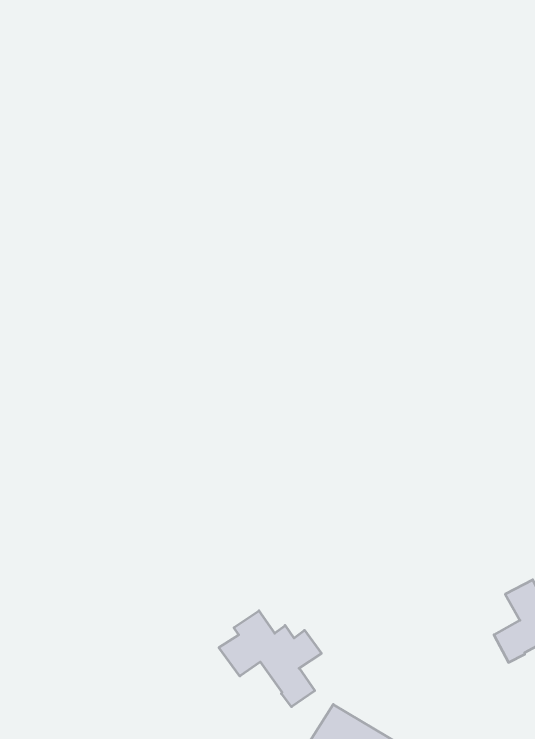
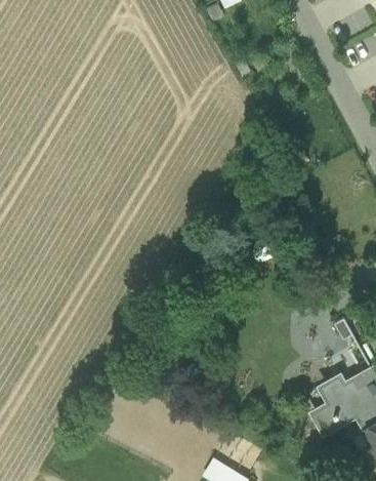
building: [219,611,321,707] -> none

